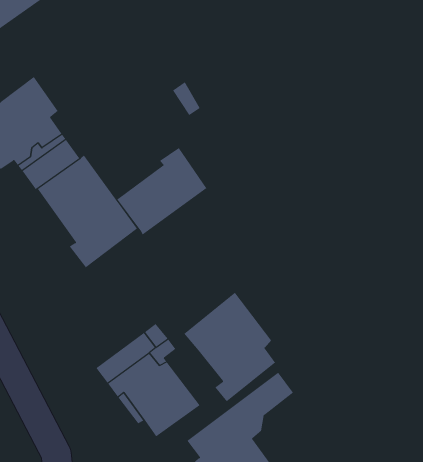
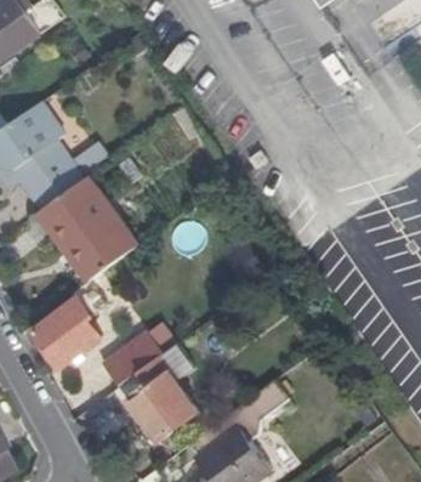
building: [116,147,207,235] -> none
building: none -> [33,283,99,367]
building: [183,292,276,402] -> none

